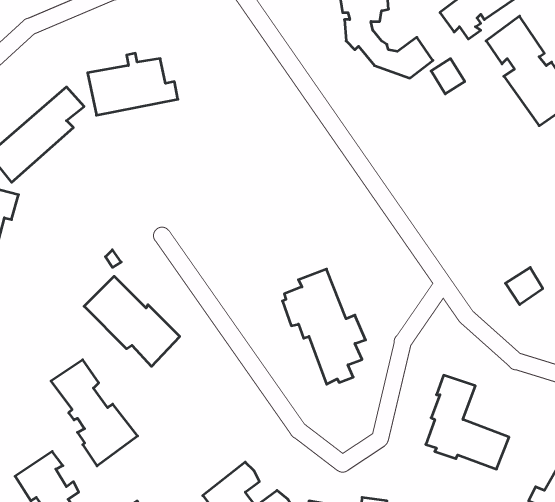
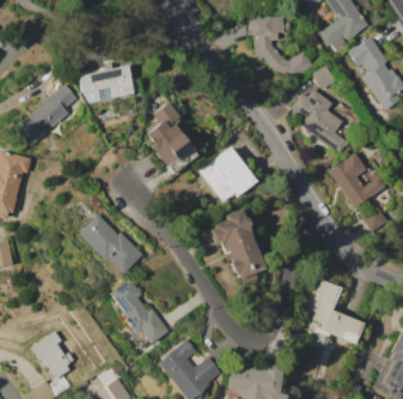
building: none -> [292,89,347,151]
building: none -> [144,107,199,173]
building: none -> [201,145,256,202]
building: none -> [329,151,385,206]
building: [51,360,138,466] -> [110,278,169,350]

